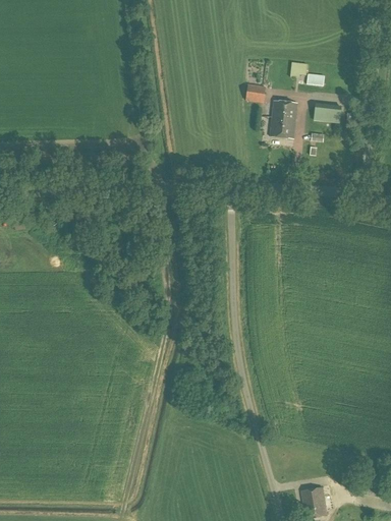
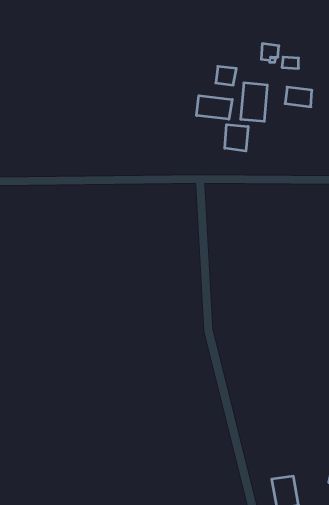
building: none -> [197,96,232,119]
building: none -> [225,125,248,151]

